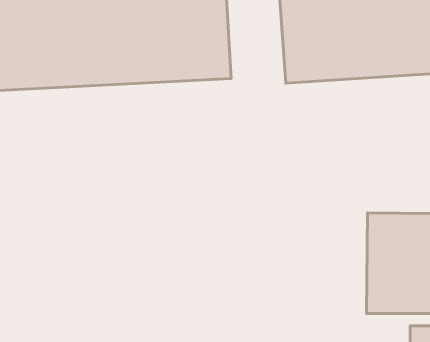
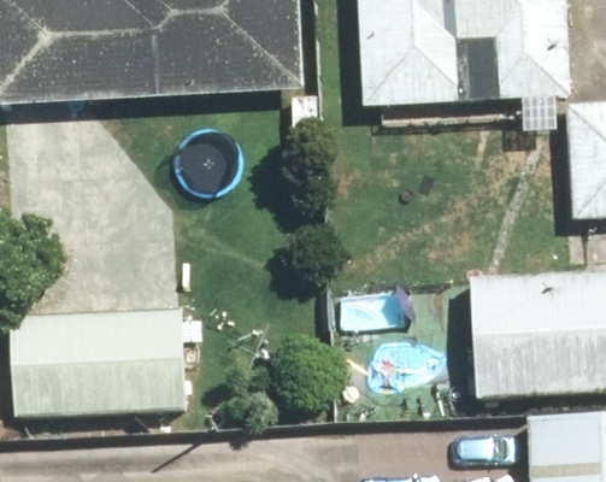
building: none -> [12,289,192,417]

